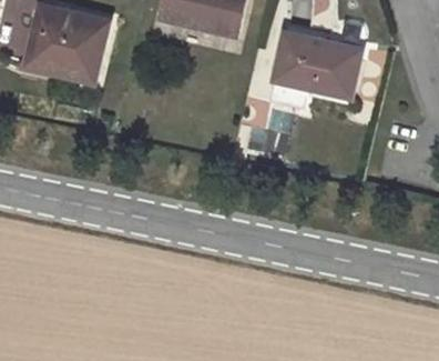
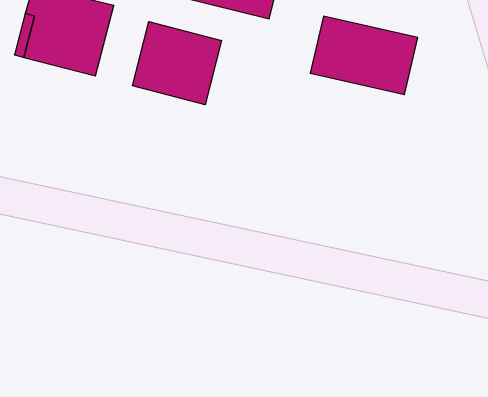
building: none -> [132,22,222,105]

